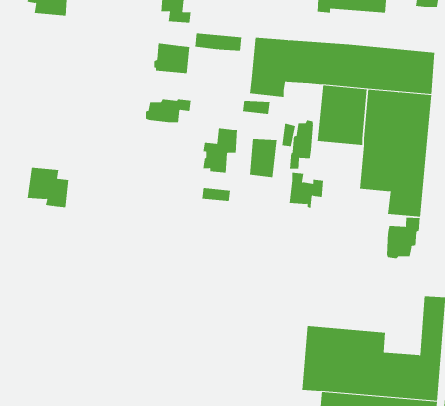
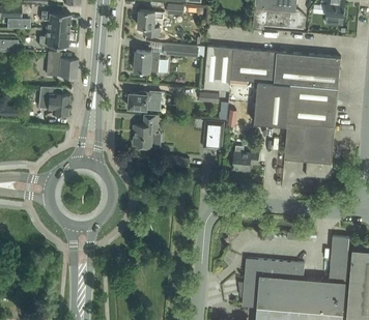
building: none -> [37,29,68,48]
building: none -> [46,52,77,78]
building: [289,120,313,170] -> none
building: [203,128,238,173] -> [133,115,159,148]
building: [27,167,69,208] -> [37,86,68,116]
building: [386,217,420,259] -> none

